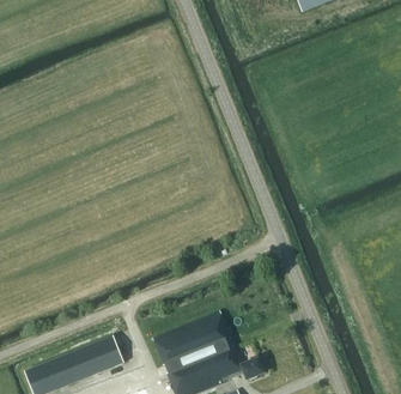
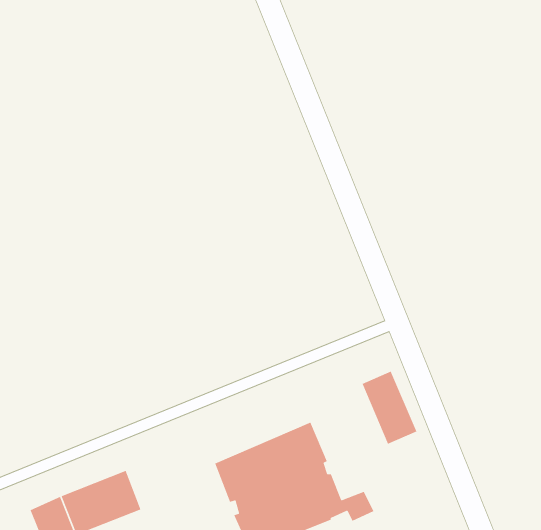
building: none -> [361,371,417,445]
building: [92,334,124,370] -> none

